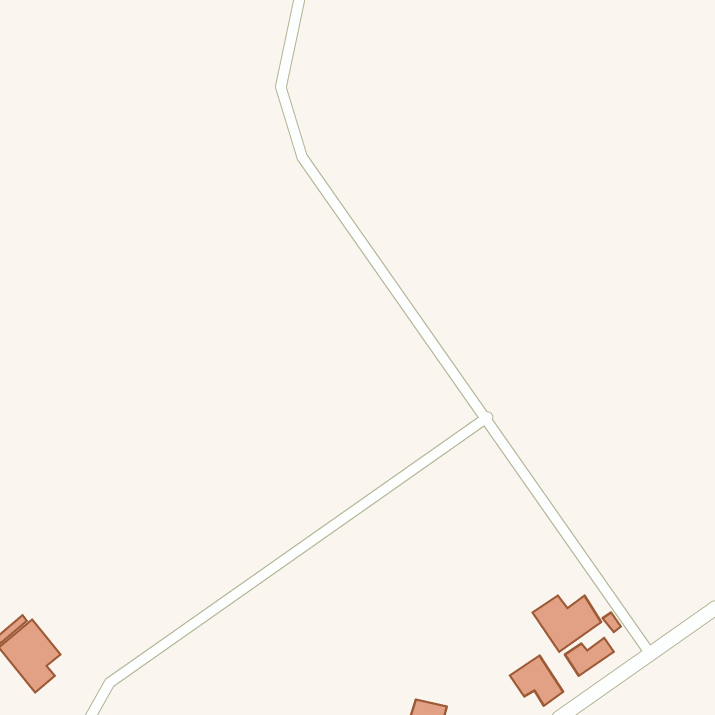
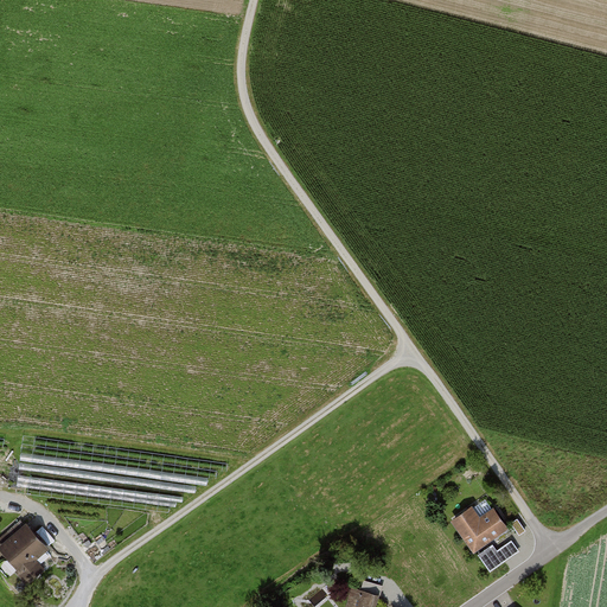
building: [510,656,563,706] -> none

